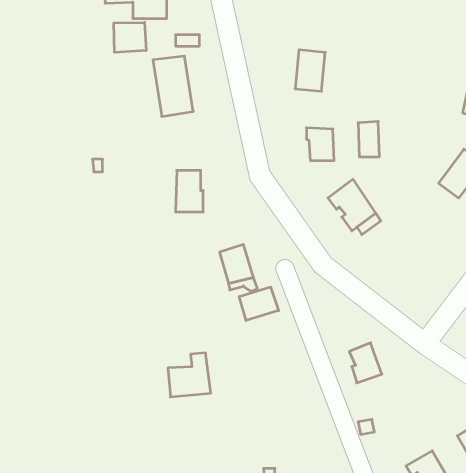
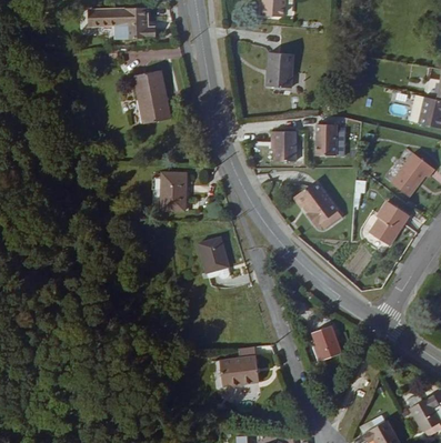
building: [114,22,146,52] -> none
building: none -> [371,202,407,244]
building: [239,287,279,321] -> none
building: [168,353,211,397] -> [219,346,257,385]

